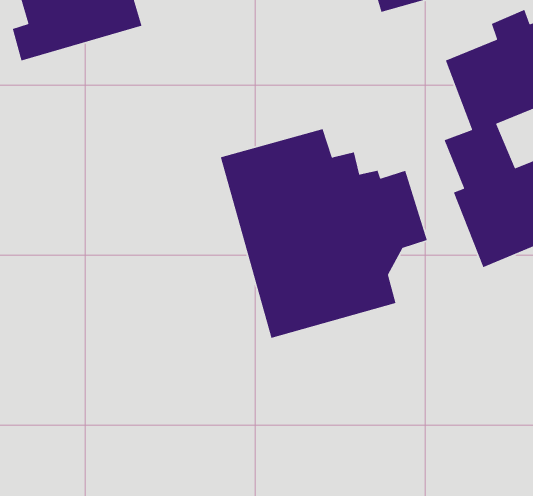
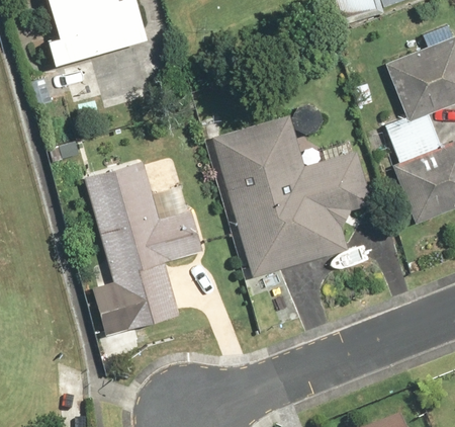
building: none -> [81,159,199,337]

